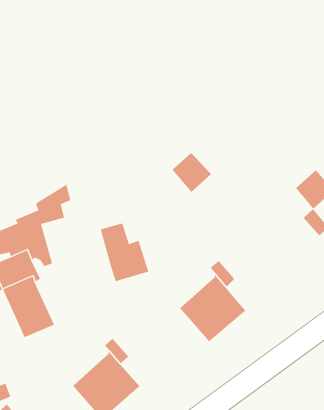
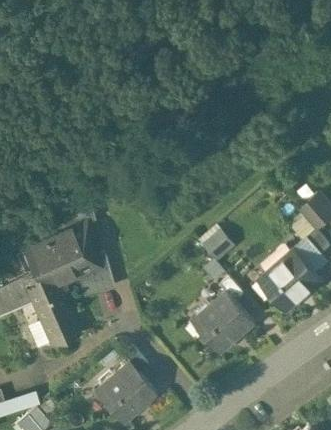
building: [172,152,212,193] -> [198,224,235,261]
building: [100,223,149,282] -> [66,238,111,292]
building: none -> [256,249,319,312]

